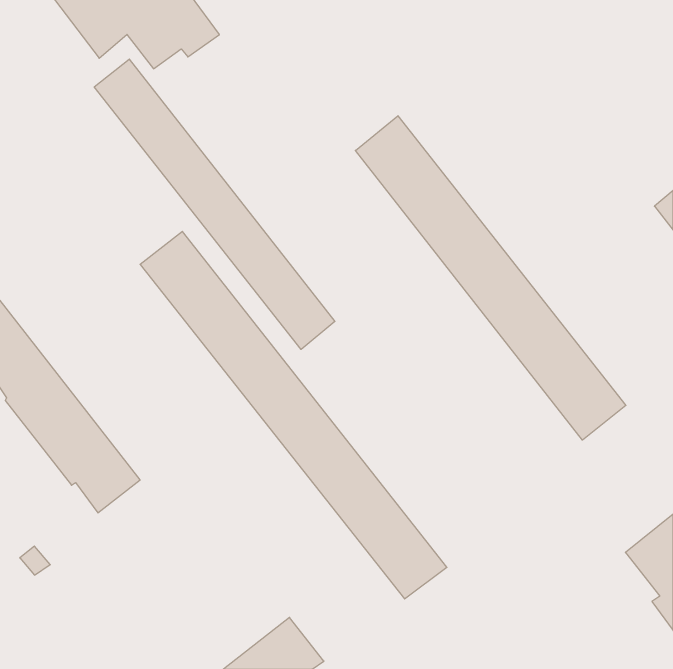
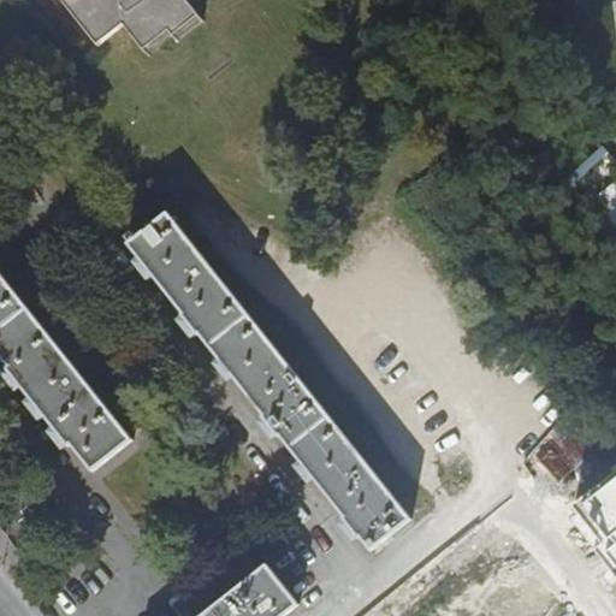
building: [94,59,335,349] -> none
building: [355,116,626,440] -> none

